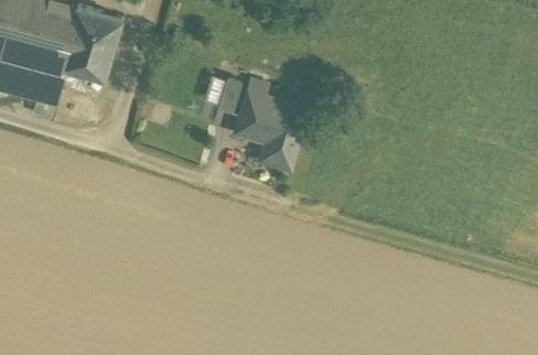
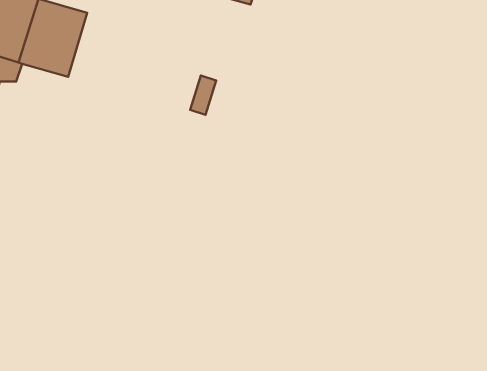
building: [237,83,303,170] -> none

